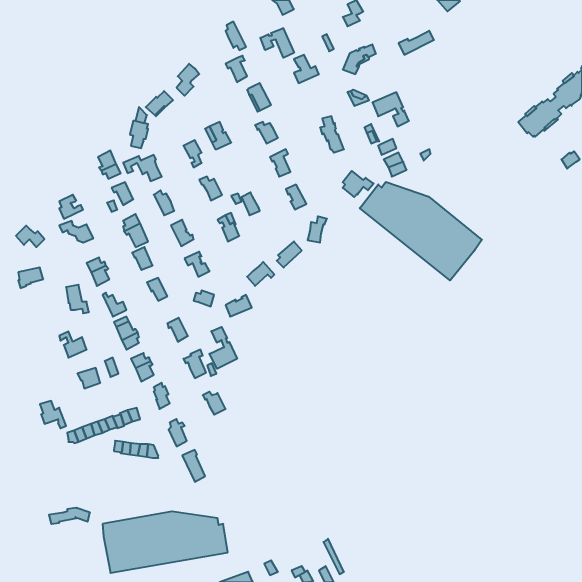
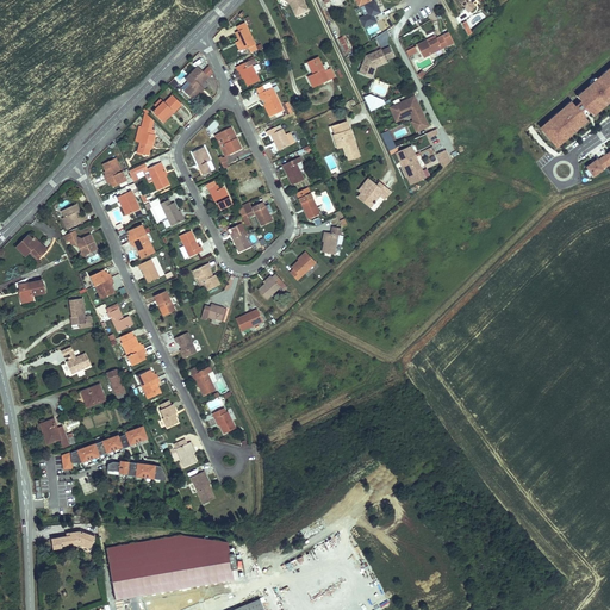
building: [260,28,294,58] -> none
building: [360,182,482,280] -> none
building: [209,327,237,369] -> none

